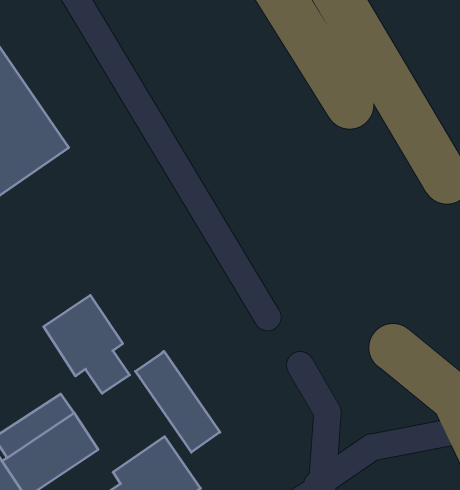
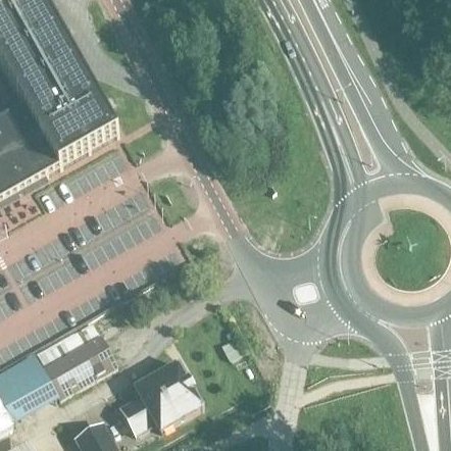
building: [44,295,130,393] -> none
building: [135,351,220,452] -> none

